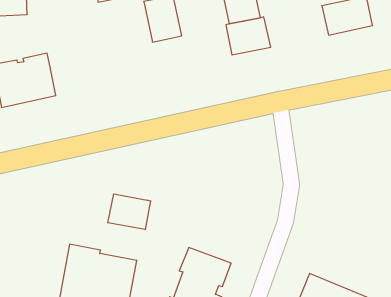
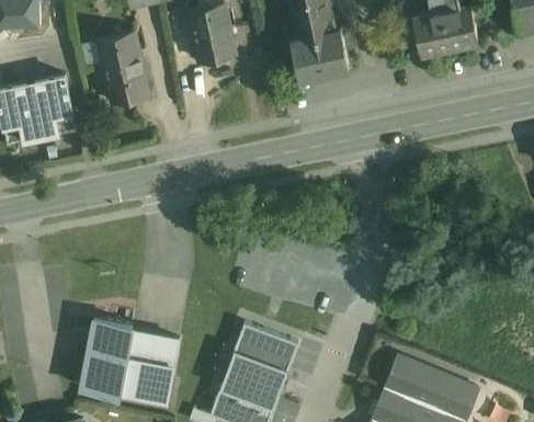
building: none -> [98,32,148,104]
building: [108,194,151,230] -> none

